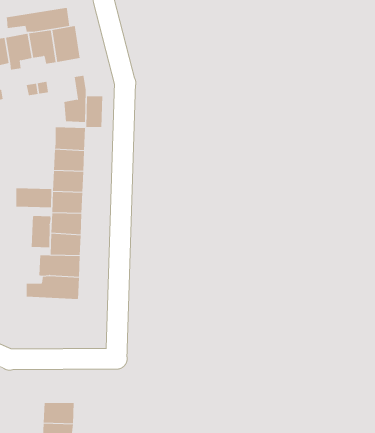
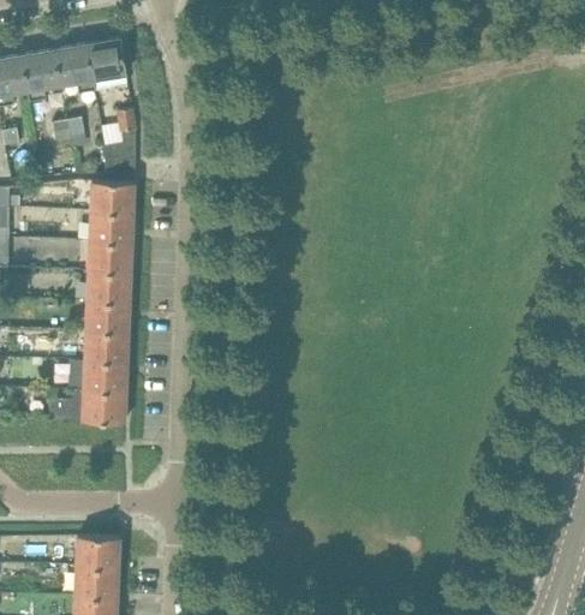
building: [6,7,70,32] -> none
building: [86,95,103,128] -> none
building: [16,187,52,208] -> none
building: [31,215,51,248] -> none
building: none -> [76,535,120,566]

